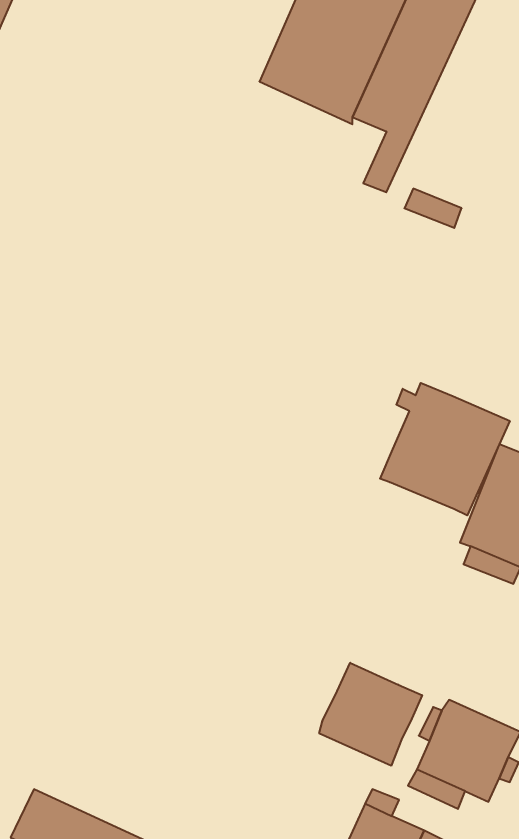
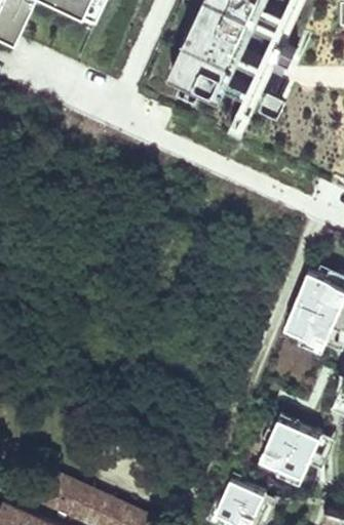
building: [380,383,510,515] -> none
building: [319,663,422,766] -> none

